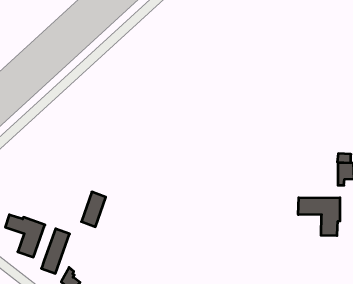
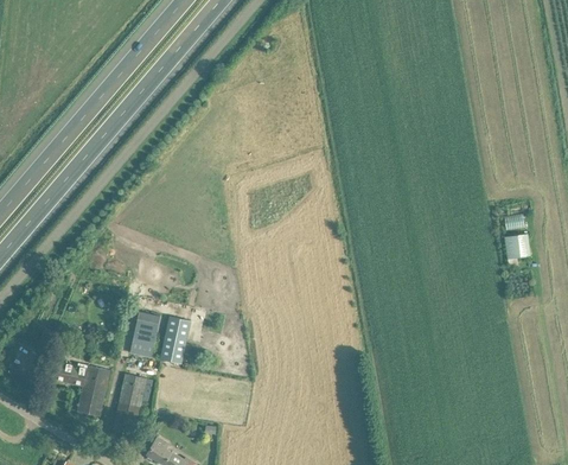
building: none -> [130,312,160,357]
building: [298,198,340,236] -> none

